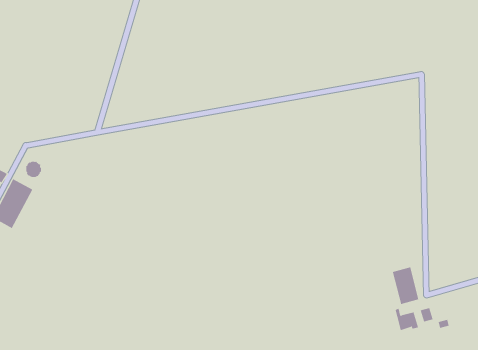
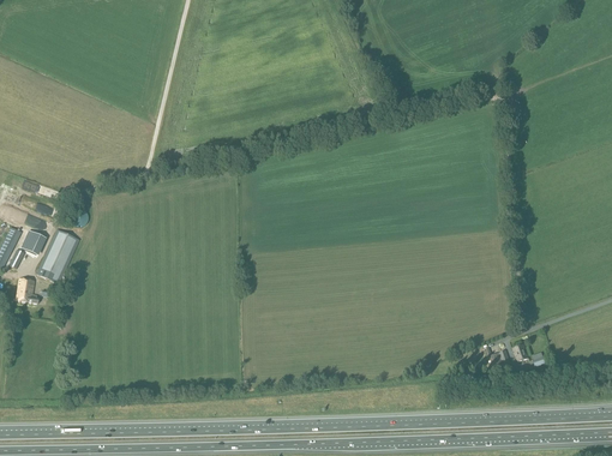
building: [392,267,419,305] -> none

